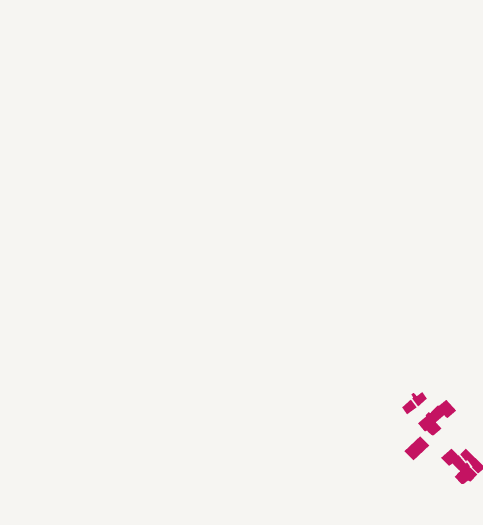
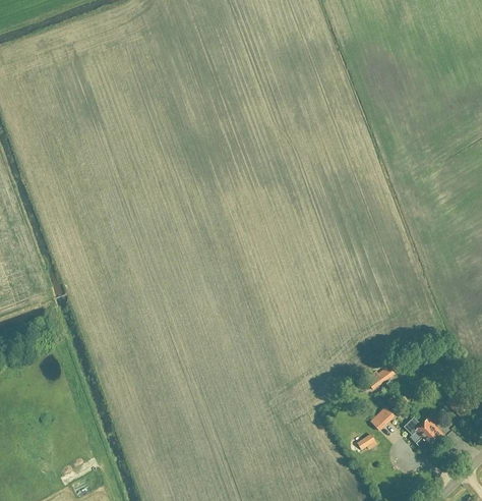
building: [417,399,457,436] -> none

